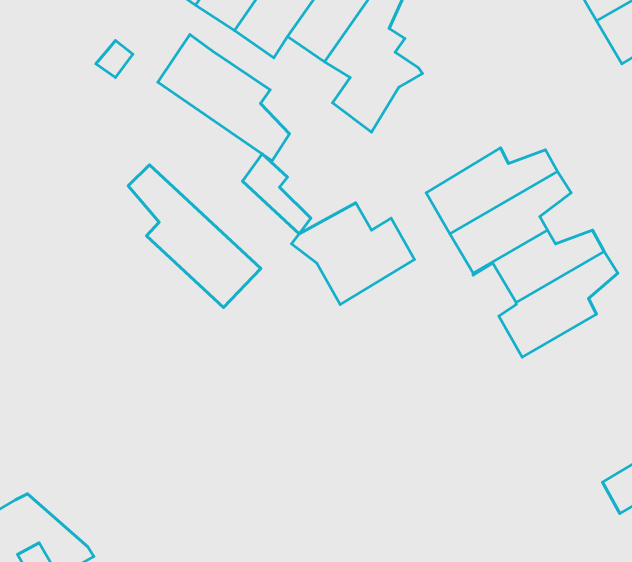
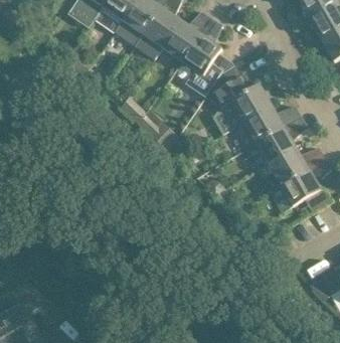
building: [158,35,290,161] -> none
building: [128,165,261,307] -> none
building: [291,203,415,304] -> [208,75,272,128]

